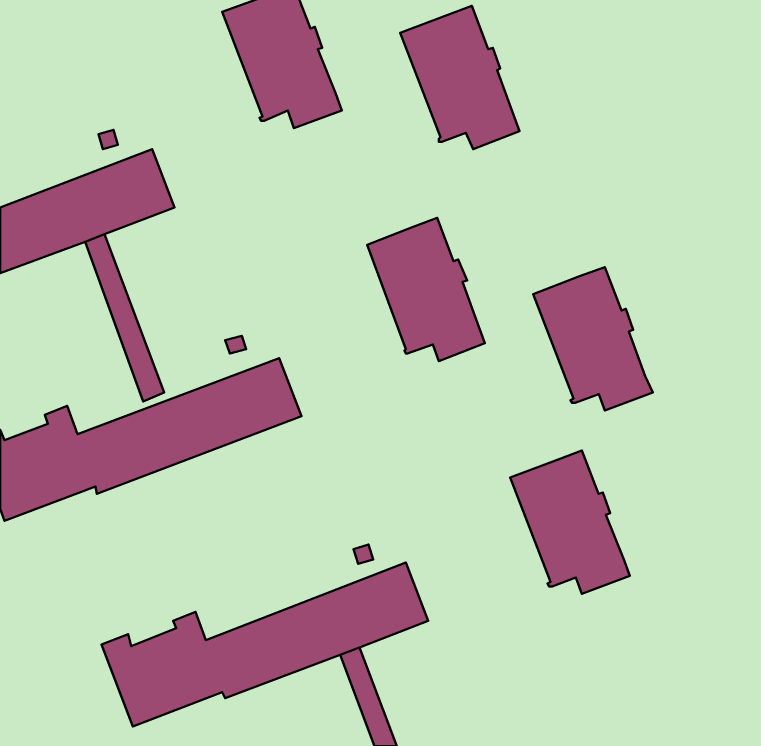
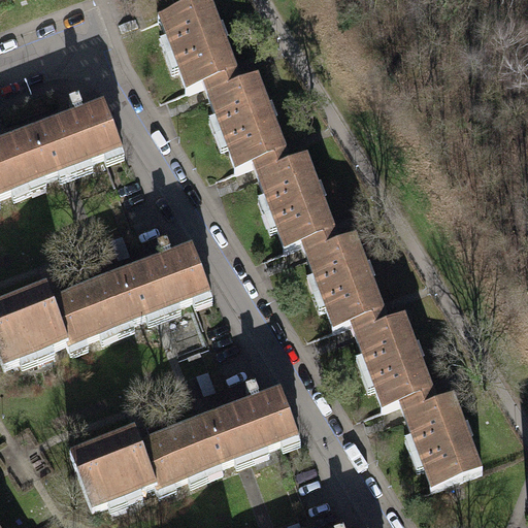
building: [400,6,520,149] -> [204,70,287,169]
building: [533,267,653,410] -> [304,231,387,330]
building: none -> [403,392,482,487]

